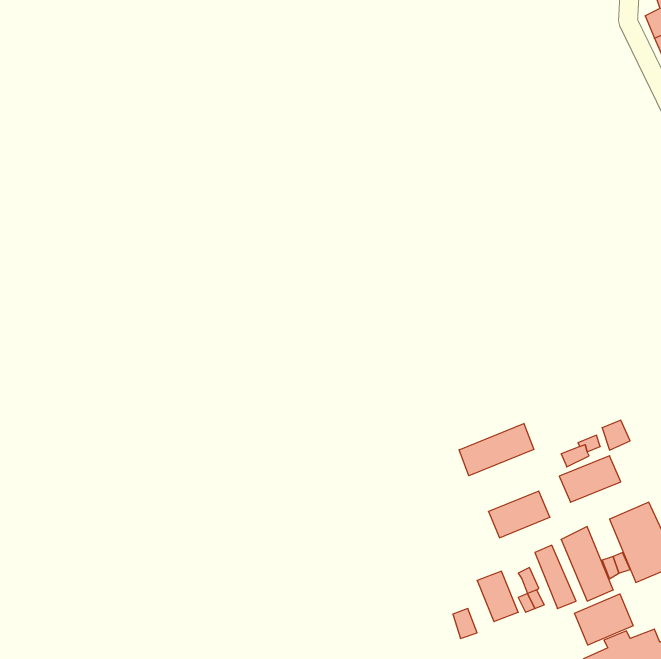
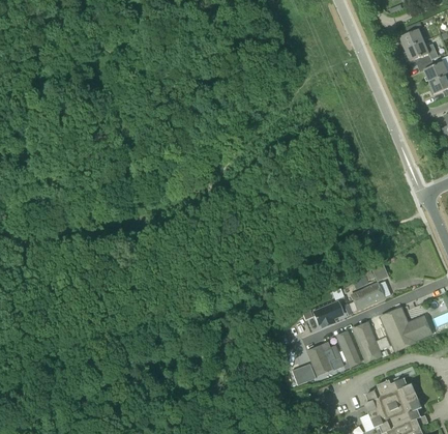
building: [459,423,534,476] -> none
building: [575,594,633,645] -> none

